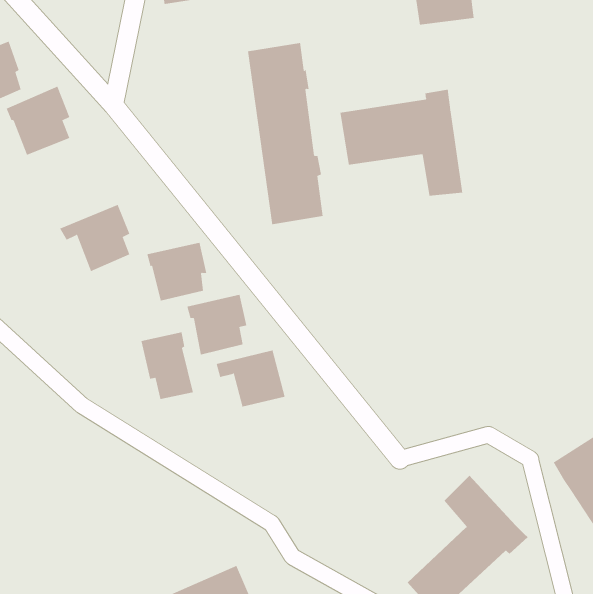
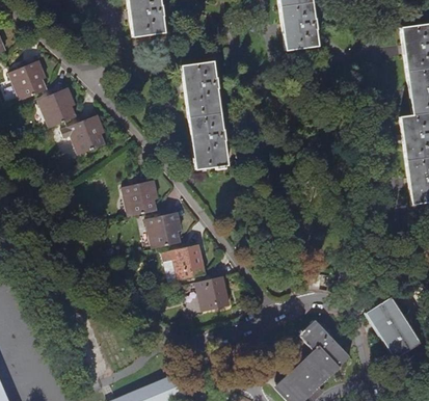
building: [340,89,463,197] -> none
building: [59,204,130,272] -> [61,115,104,156]
building: [141,331,194,400] -> none
building: none -> [195,276,229,313]

